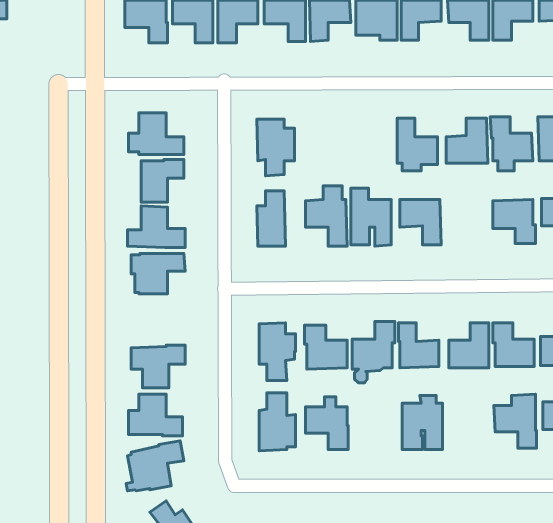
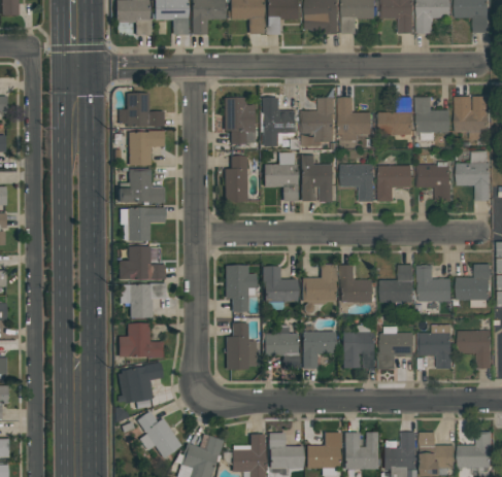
building: none -> [301,97,335,145]
building: none -> [262,98,296,146]
building: none -> [378,165,412,200]
building: none -> [119,246,166,280]
building: none -> [380,326,414,369]
building: none -> [302,332,336,369]

